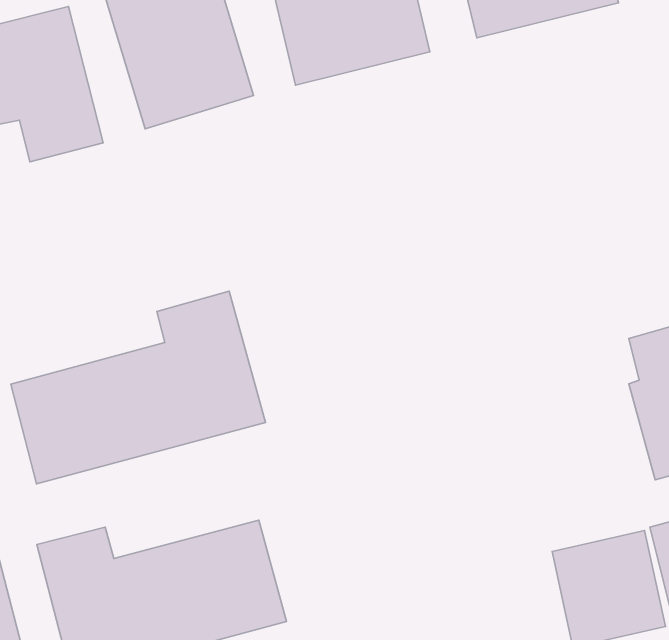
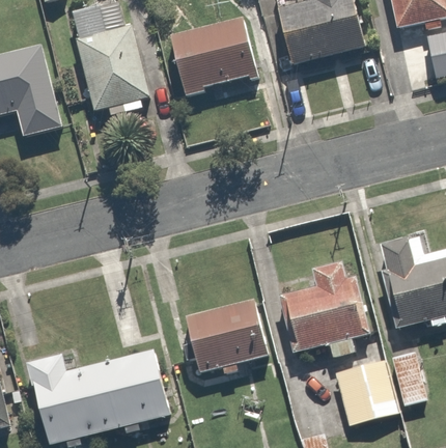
building: [11,291,265,484] -> none
building: none -> [279,258,374,355]
building: none -> [184,297,274,380]

